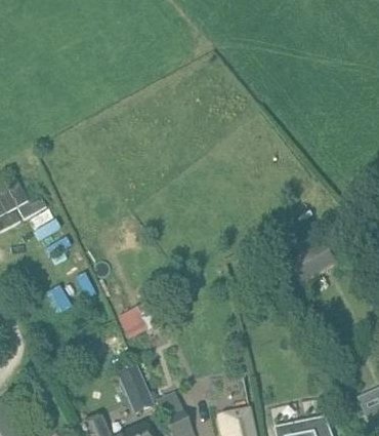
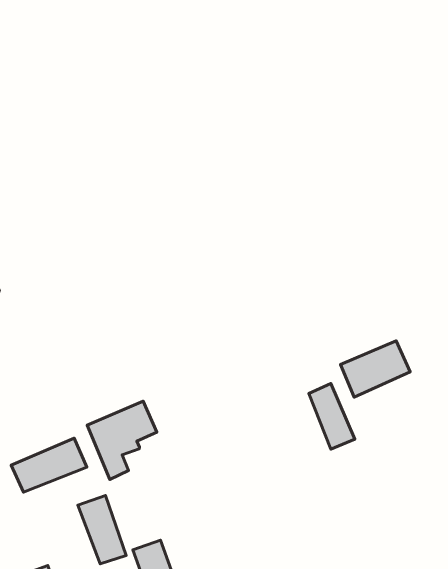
building: none -> [309,383,355,449]
building: none -> [11,438,87,492]

